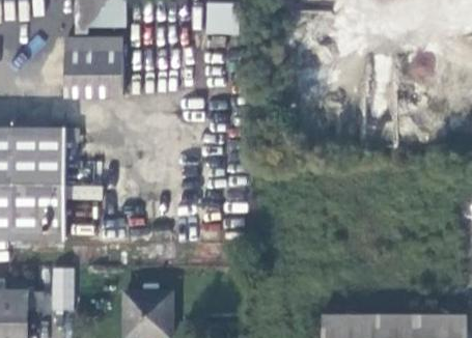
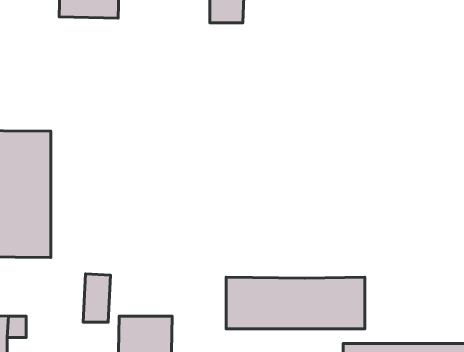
building: [65,38,123,96] -> none
building: none -> [226,277,365,329]
building: [50,267,74,310] -> [83,274,110,322]

